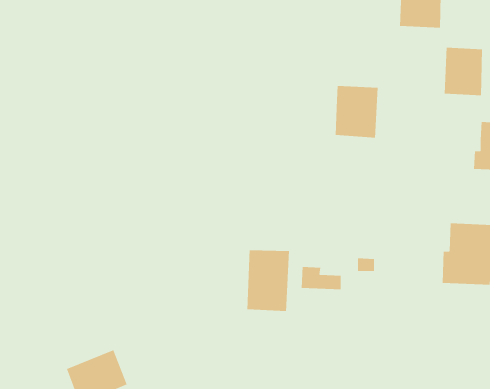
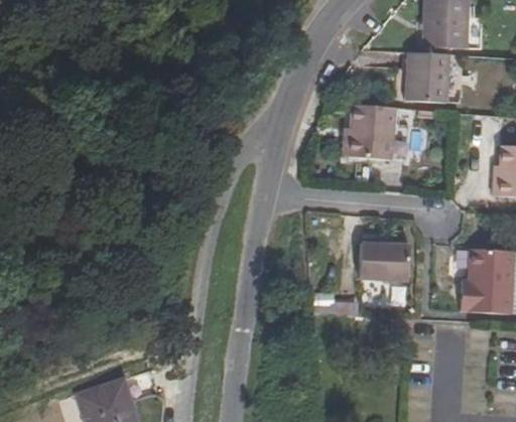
building: [444,47,483,96] -> [404,51,444,102]
building: none -> [361,243,411,281]
building: [247,250,290,312] -> none

